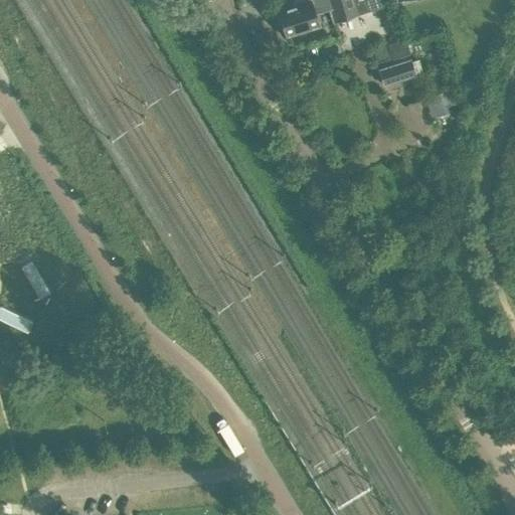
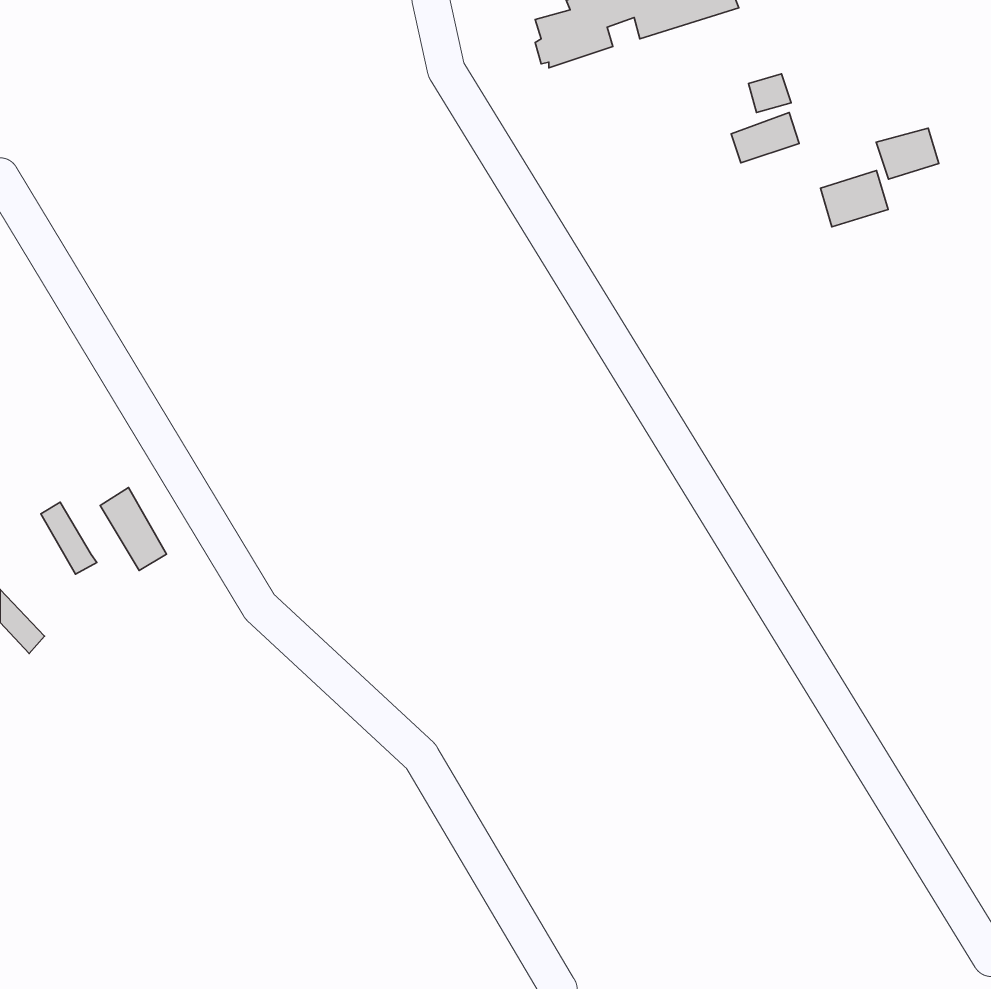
building: none -> [876,128,939,179]
building: none -> [100,488,166,571]

